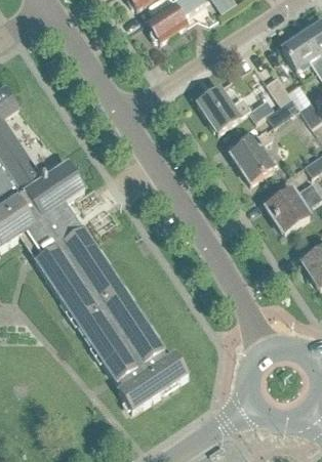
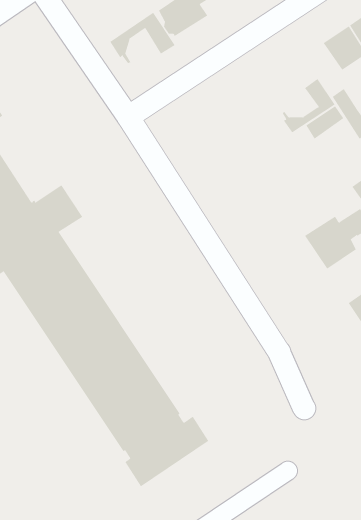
building: none -> [110,12,176,64]
building: [197,86,250,132] -> none
building: [230,130,274,182] -> none

